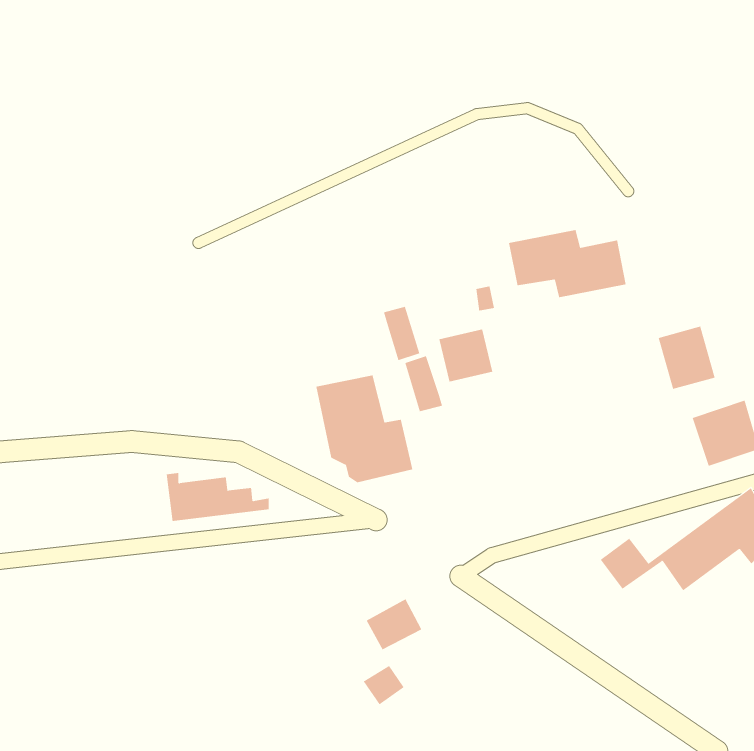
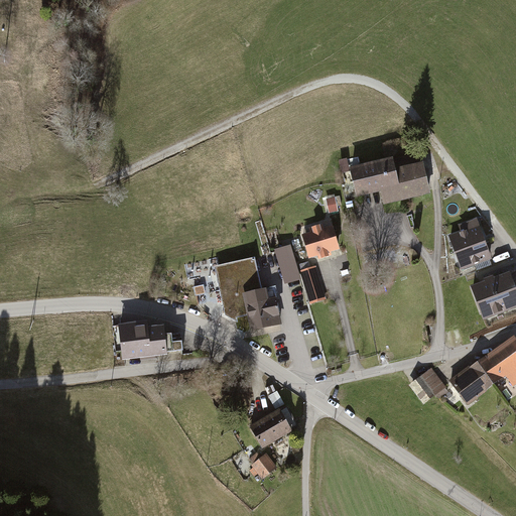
building: [383,306,420,361] -> [301,265,327,302]

